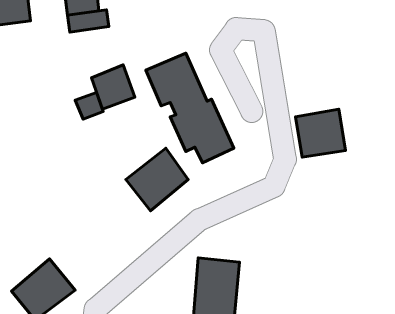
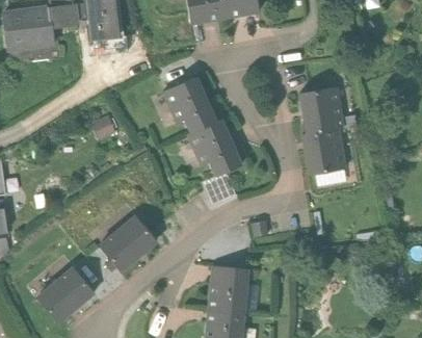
building: [91,65,135,109] -> none
building: none -> [298,86,342,133]
building: [126,148,188,211] -> [100,213,158,271]

